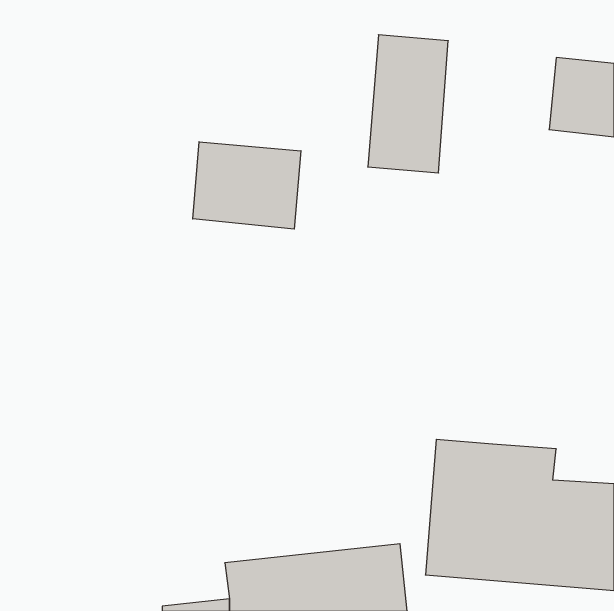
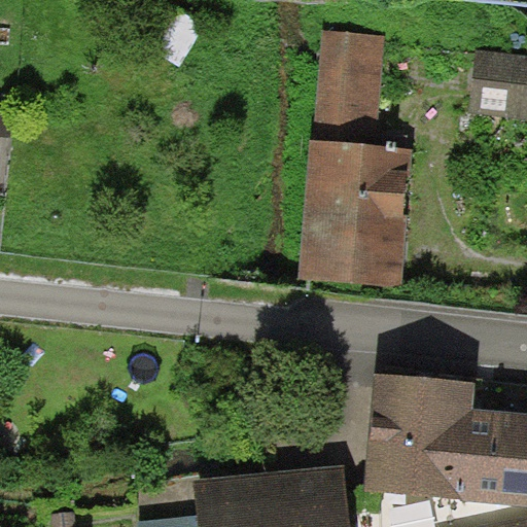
building: [193,142,301,229] -> none
building: none -> [298,143,414,287]

